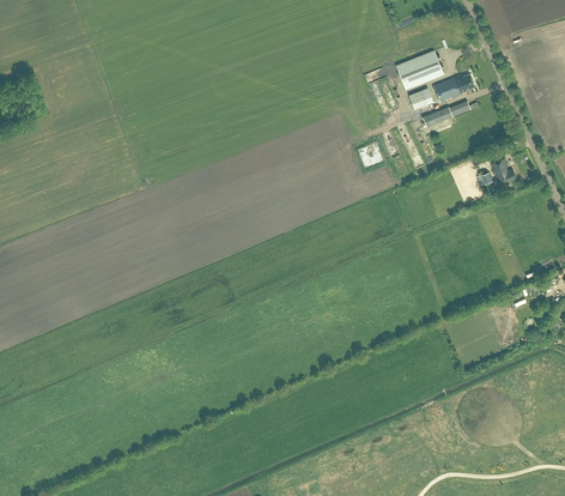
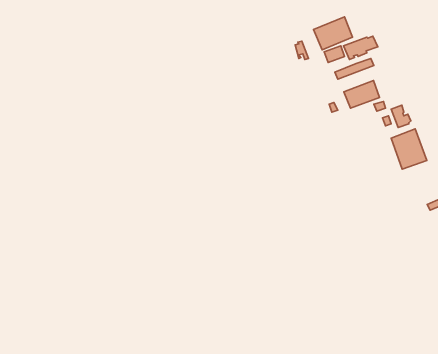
building: none -> [344,81,379,108]
building: none -> [391,129,427,169]

